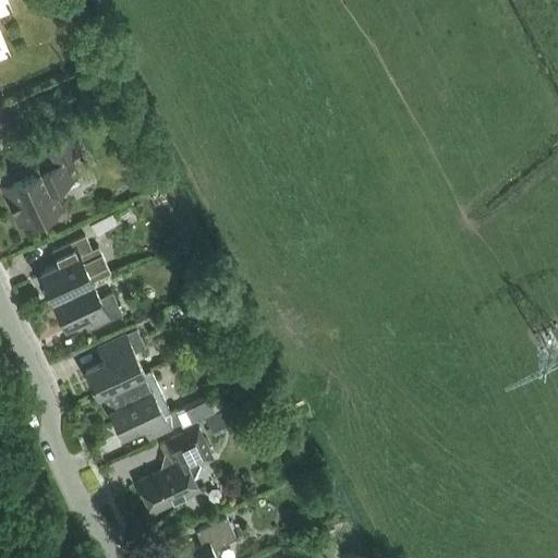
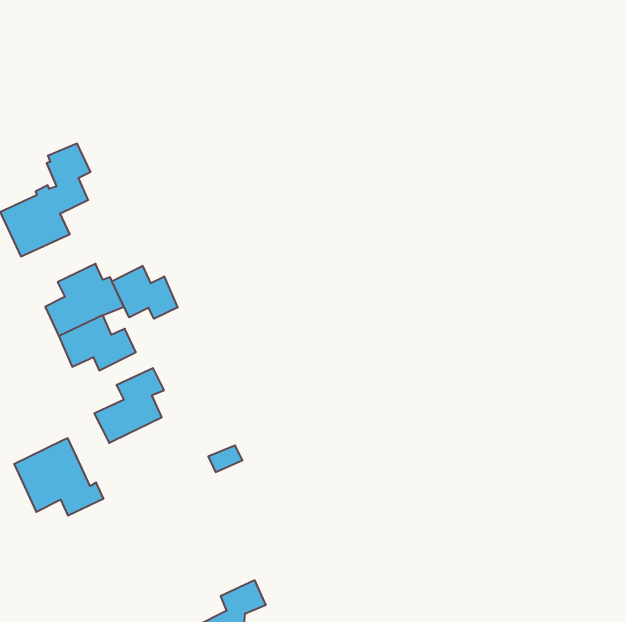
building: none -> [112,266,178,319]
building: [101,373,181,441] -> [14,438,104,516]
building: [137,426,215,514] -> none

